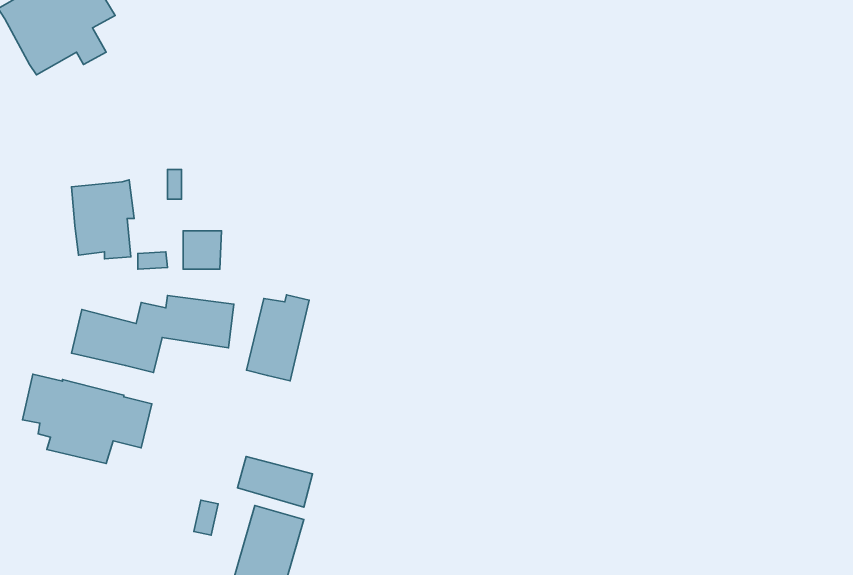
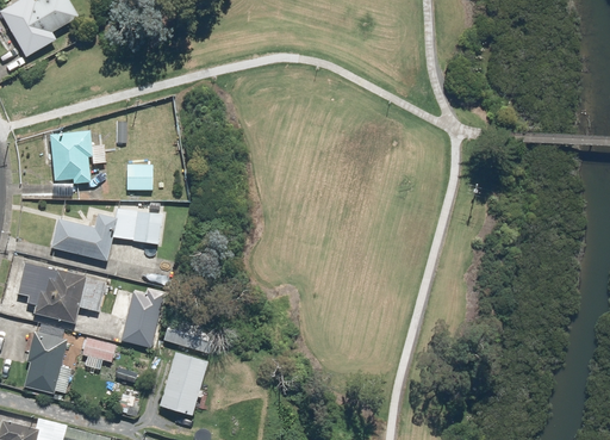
building: [246,295,309,381] -> [120,289,163,347]
building: none -> [24,330,67,392]
building: none -> [82,336,116,361]

